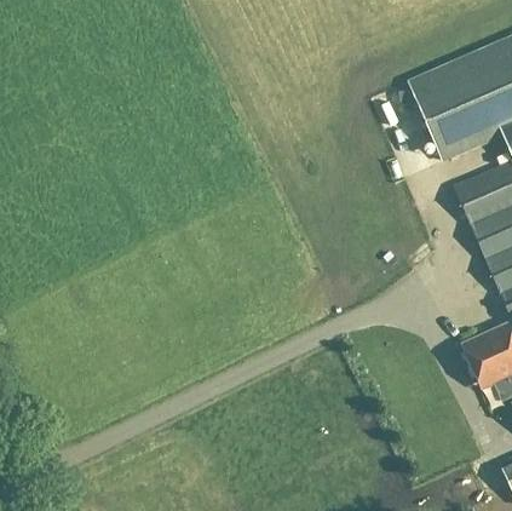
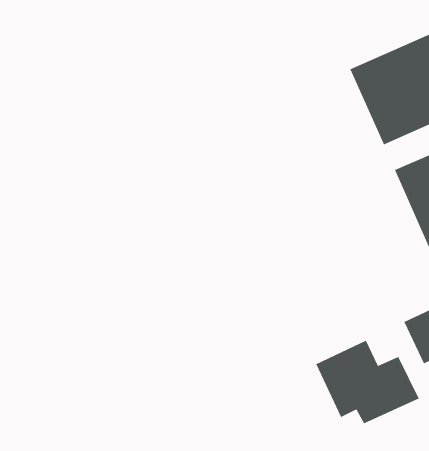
building: none -> [315,340,420,424]

